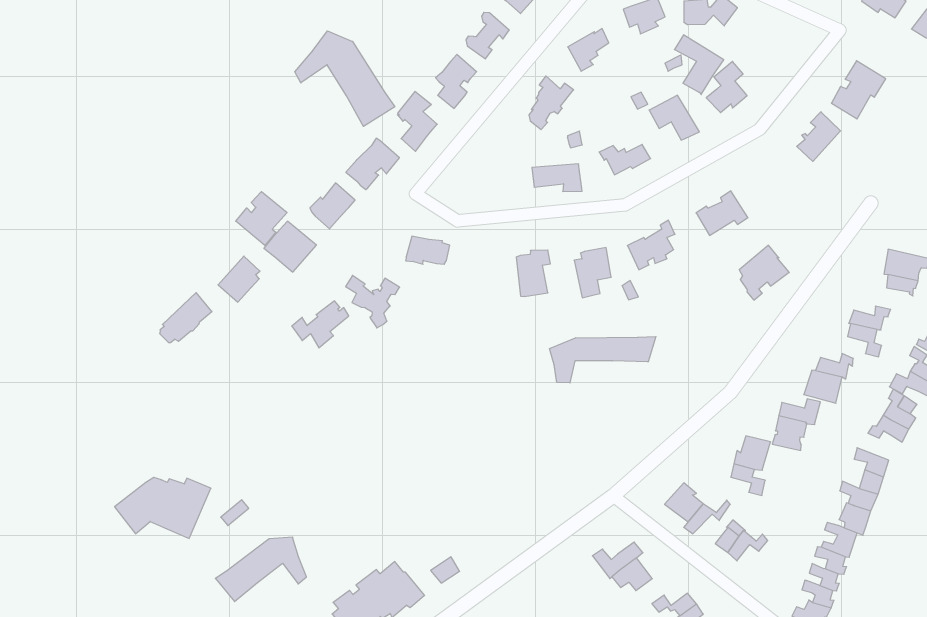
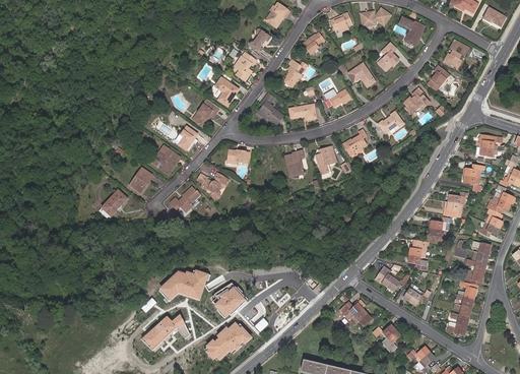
building: [295,31,395,126] -> none
building: [674,35,724,95] -> [398,15,425,46]
building: none -> [257,92,283,124]
building: [236,192,287,245] -> none
building: [739,245,789,300] -> [403,88,430,118]
building: [549,337,656,383] -> none
building: [115,477,211,538] -> [159,270,209,302]
building: none -> [211,283,247,318]

